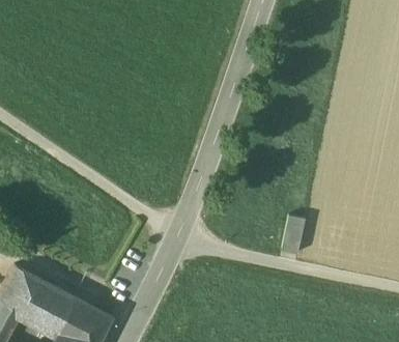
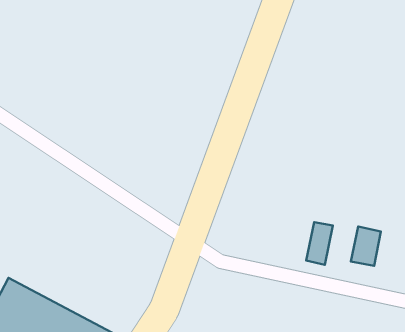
building: none -> [351,227,381,266]

